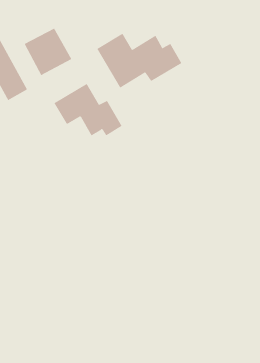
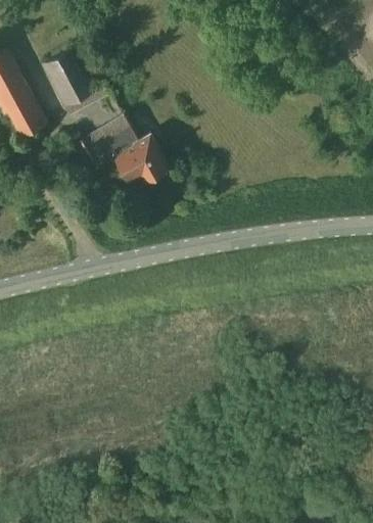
building: [96,33,182,89] -> none

